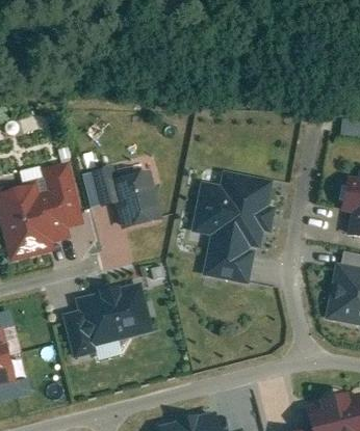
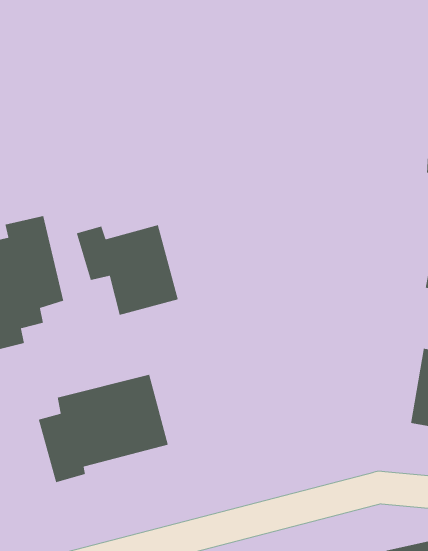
building: [192,168,277,284] -> none

